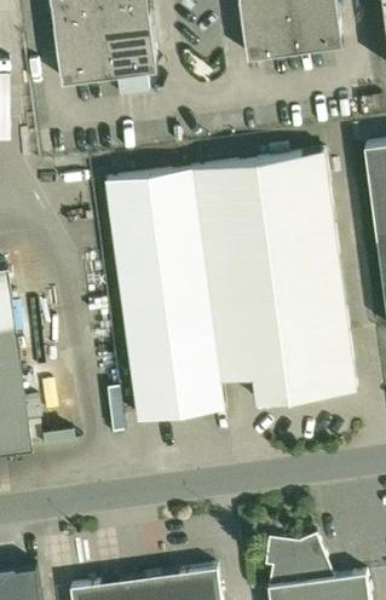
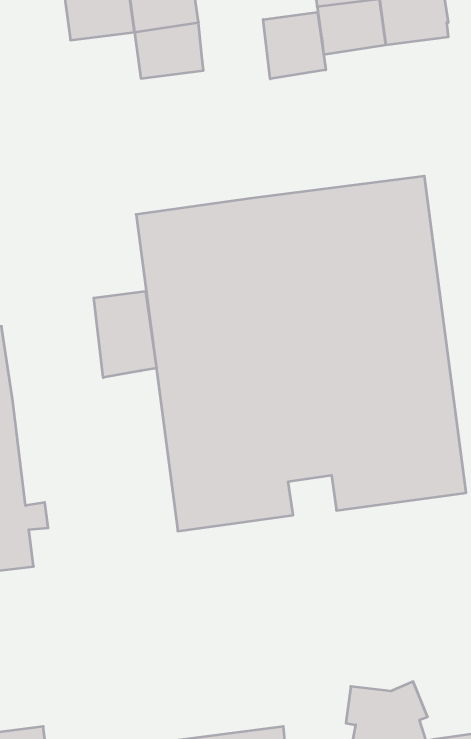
building: none -> [263,12,326,79]
building: [57,42,110,83] -> none
building: none -> [94,291,156,378]

